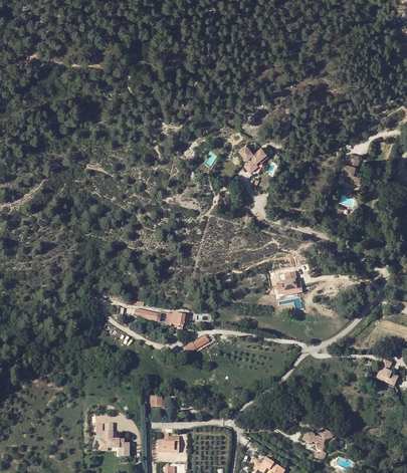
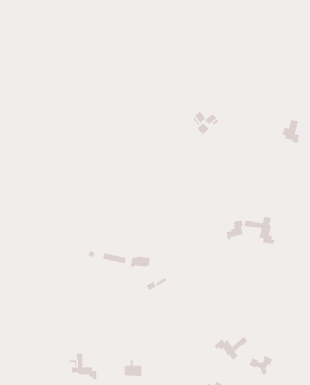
building: none -> [244,216,275,244]
building: none -> [214,336,248,361]

